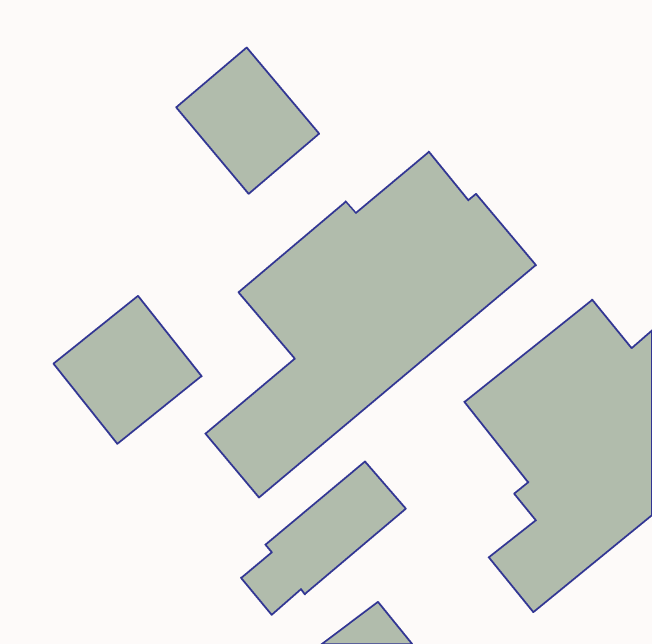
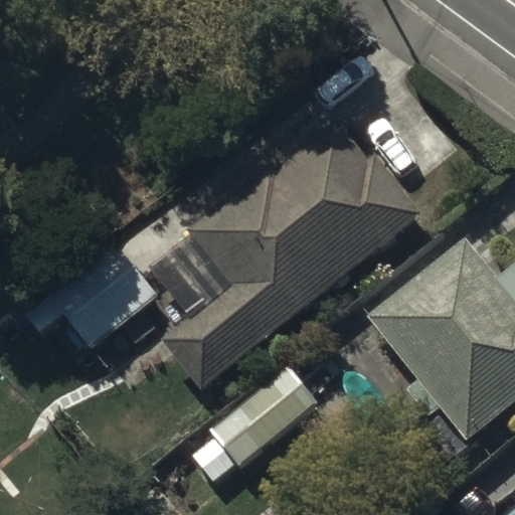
building: [176,48,319,194] -> none

